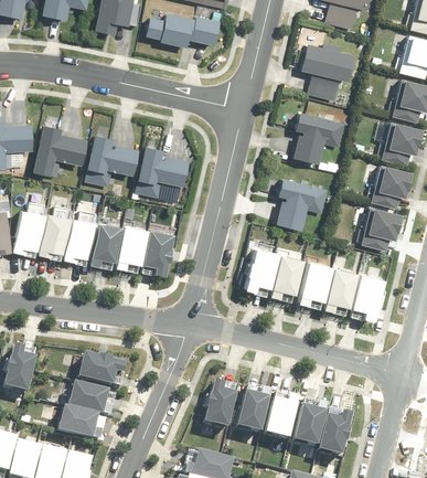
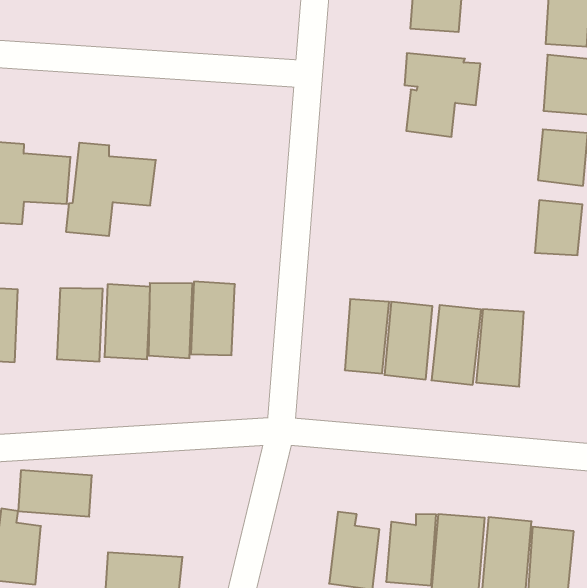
building: [131,142,191,200] -> none
building: [277,176,328,229] -> none
building: [39,212,71,258] -> none
building: [338,275,376,327] -> none
building: [81,350,128,384] -> [18,470,92,517]

